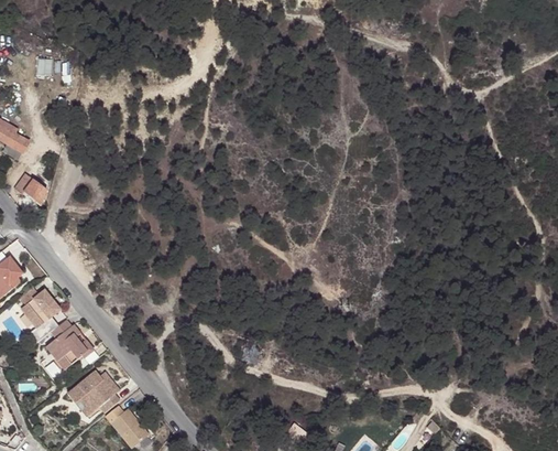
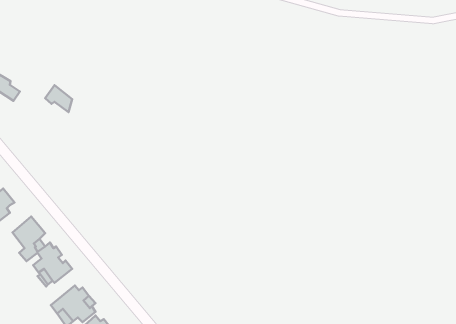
building: [15,172,47,204] -> [45,85,72,112]

